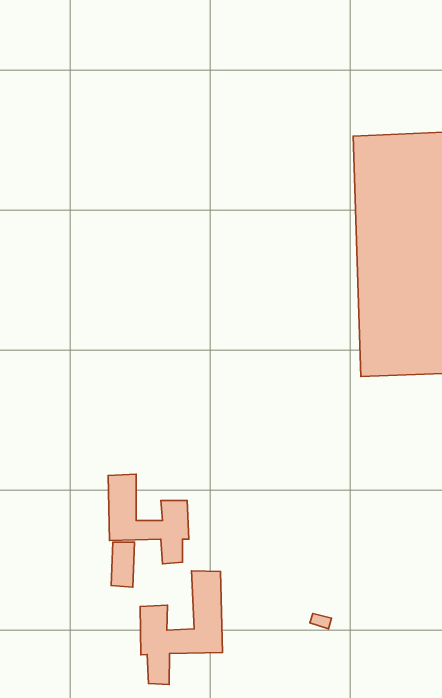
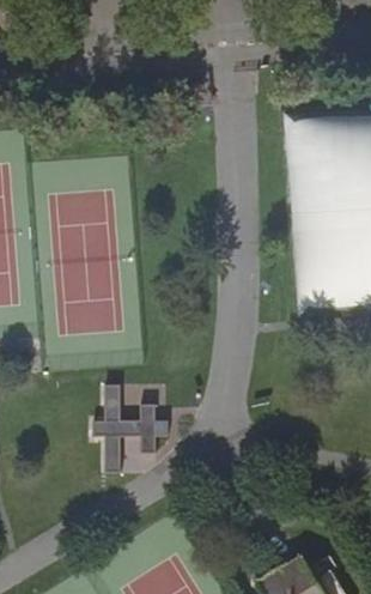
building: [140,571,222,684] -> none

